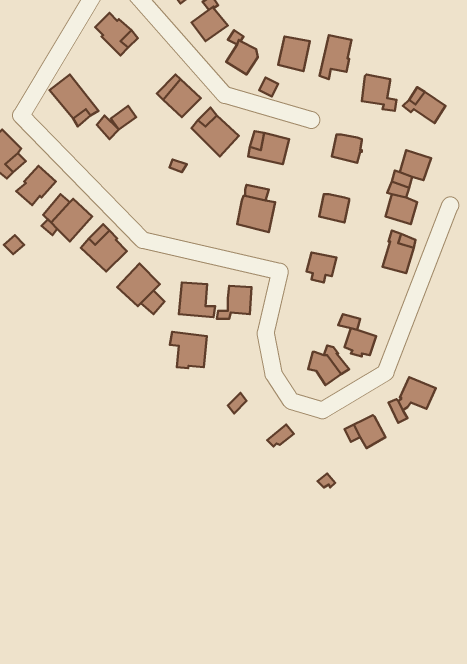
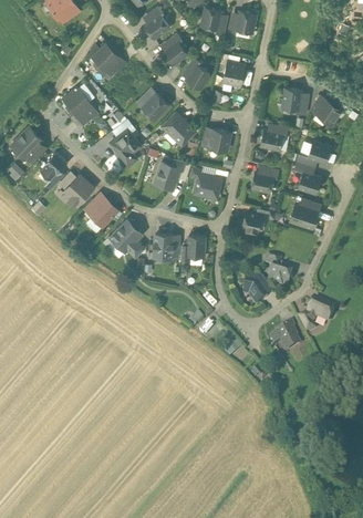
building: [320,35,351,79] -> none
building: none -> [110,131,139,160]
building: none -> [154,159,185,189]
building: [170,332,207,368] -> none

